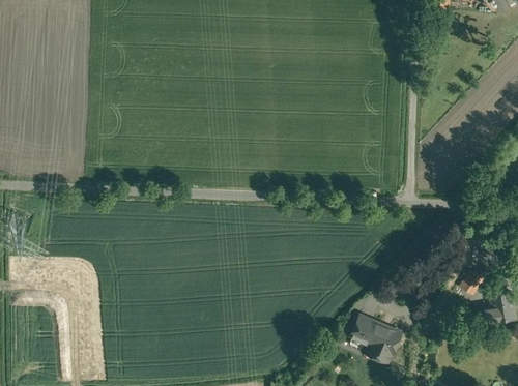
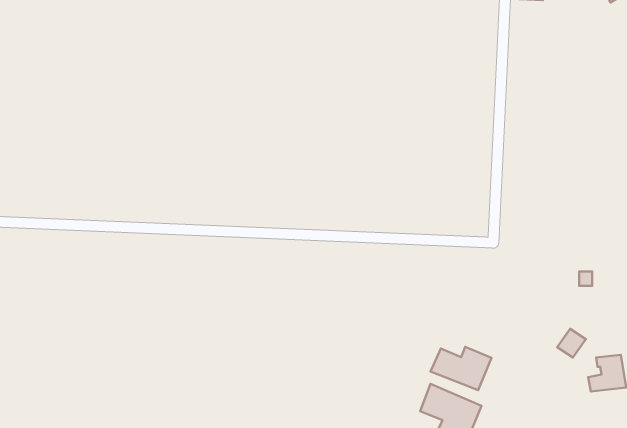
building: none -> [431,347,491,390]

